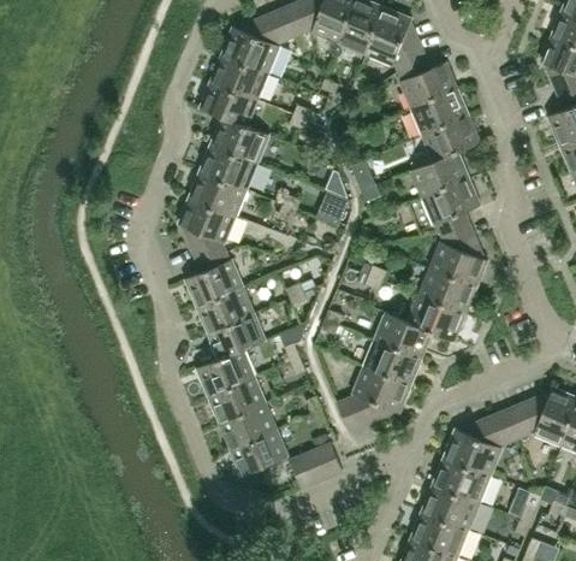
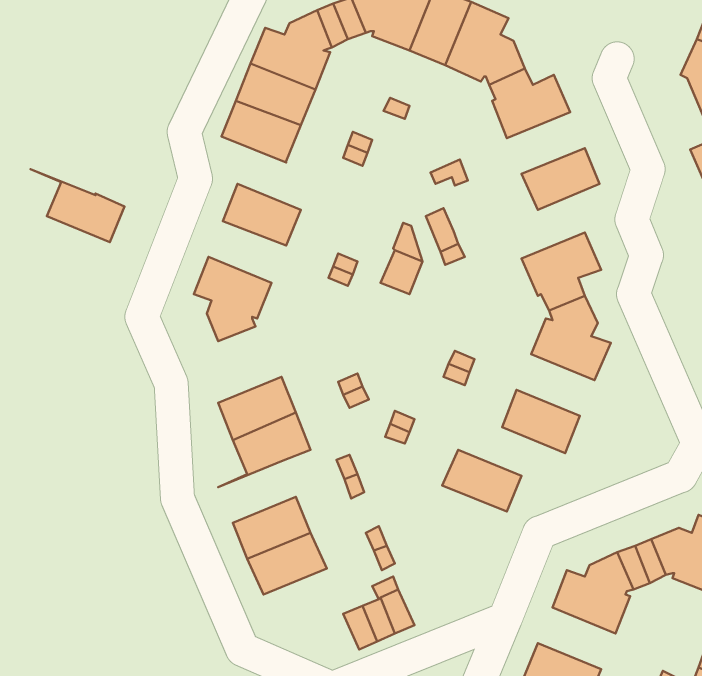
building: [411,89,469,135] -> none
building: [200,107,269,161] -> [30,169,125,242]
building: [411,142,481,197] -> none
building: [190,170,248,215] -> none
building: [186,248,244,305] -> none
building: [418,268,476,314] -> none
building: [375,313,455,359] -> none
building: [197,348,255,394] -> none
building: [337,366,411,430] -> none
building: [231,427,289,474] -> none
building: [434,456,492,502] -> none

